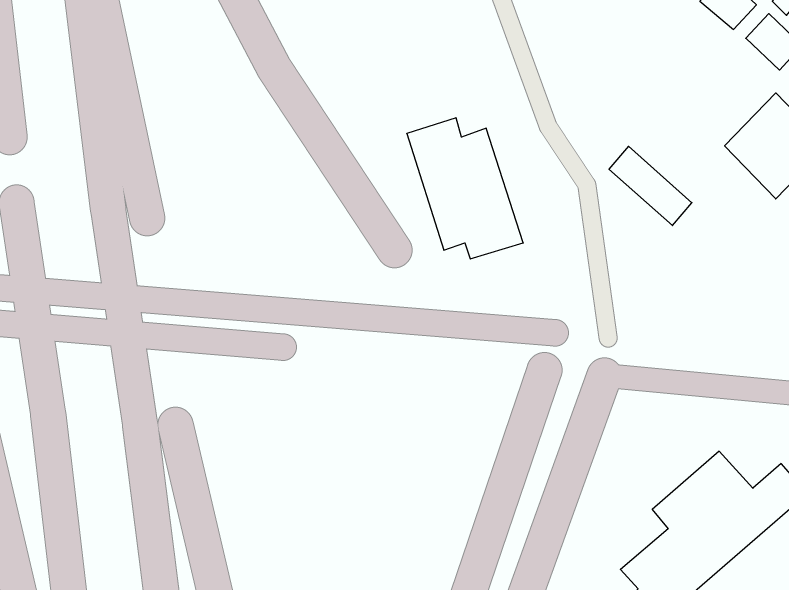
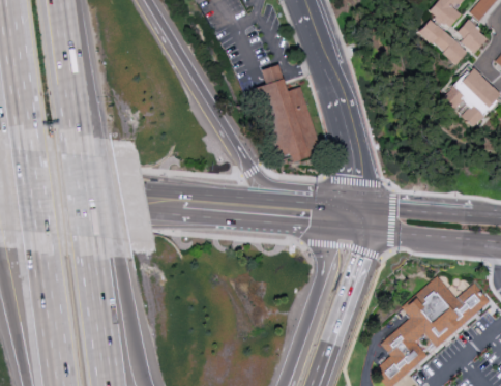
building: [609,146,692,226] -> [419,18,468,64]

